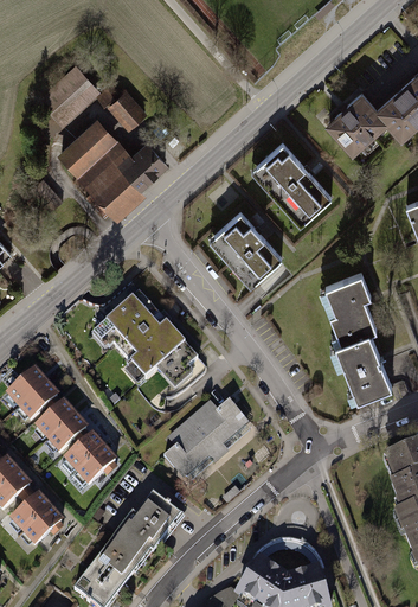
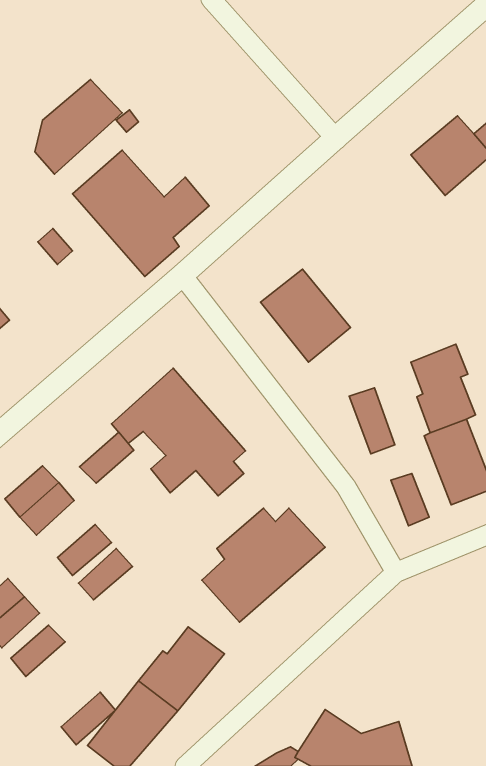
building: [104,89,143,128] -> none
building: [250,142,328,224] -> none
building: none -> [349,388,395,454]
building: none -> [391,473,429,526]
building: [34,400,77,440] -> [80,432,134,483]
building: [76,447,118,487] -> none
building: [22,506,65,548] -> [61,692,115,745]
building: [257,543,320,579] -> none

